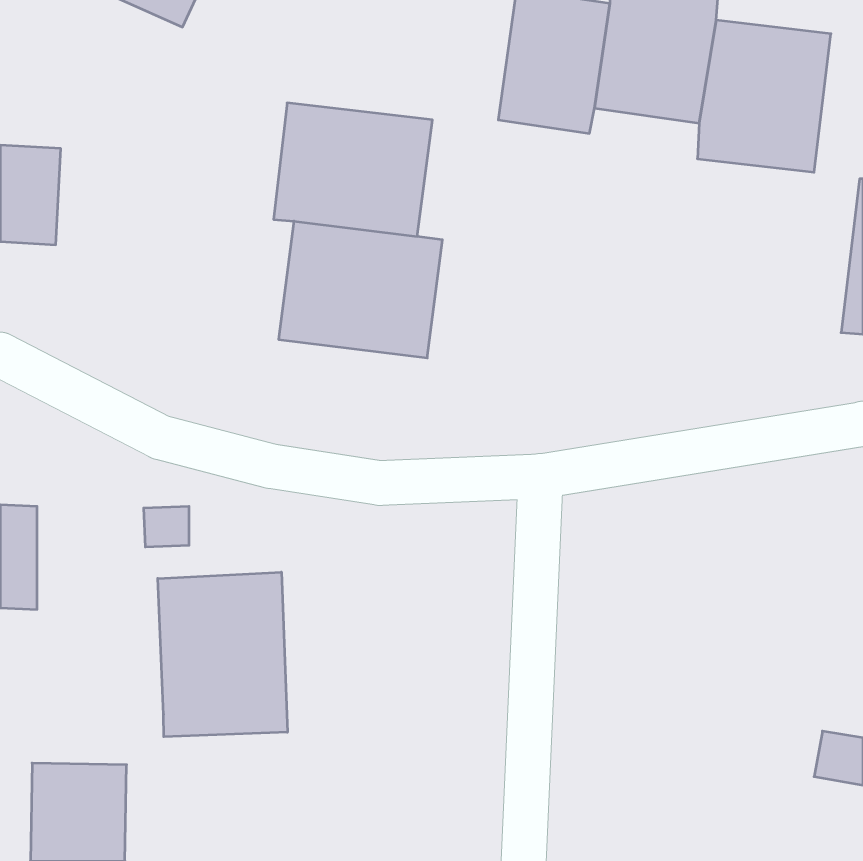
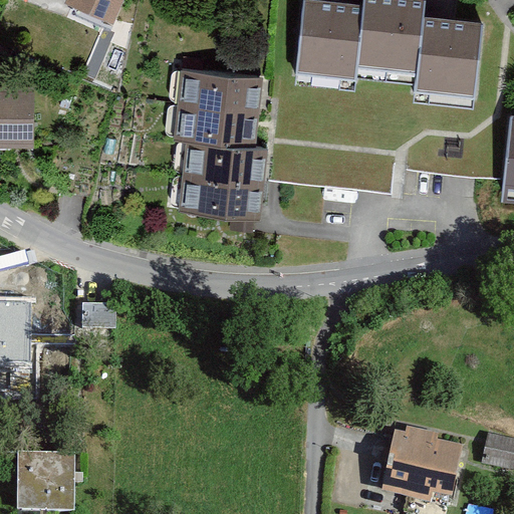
building: [158,572,287,737] -> none
building: none -> [382,431,472,503]

